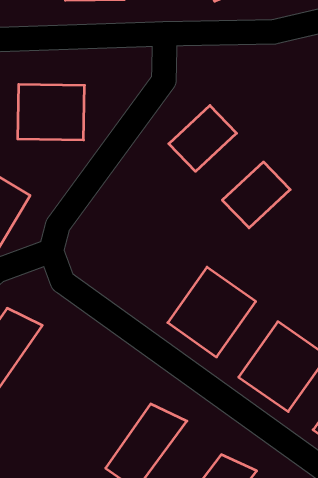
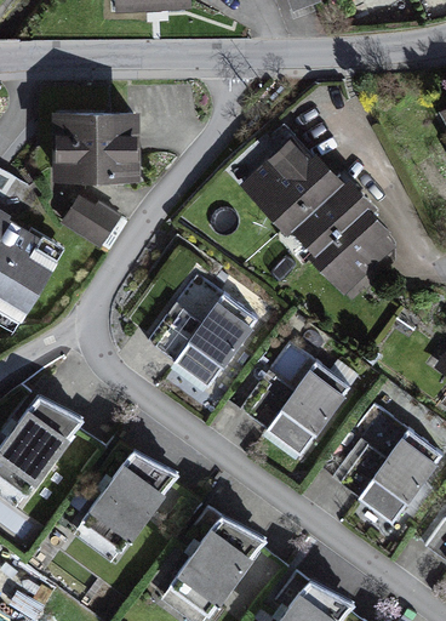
building: none -> [276,173,362,258]
building: none -> [64,192,122,247]
building: none -> [147,277,259,391]
building: none -> [79,445,182,556]

